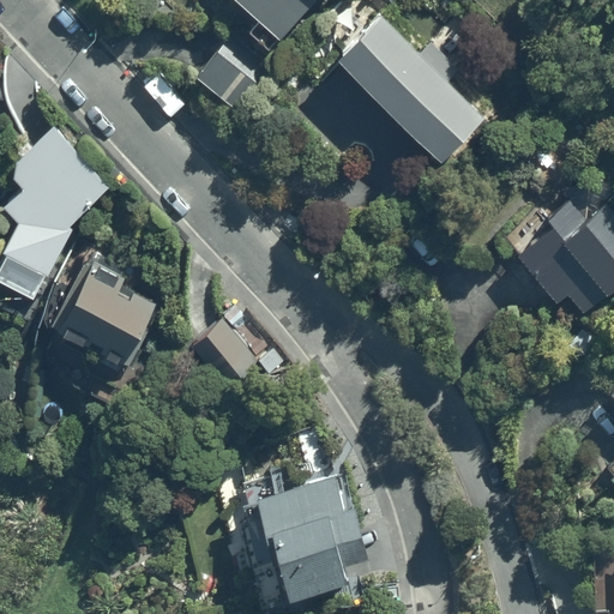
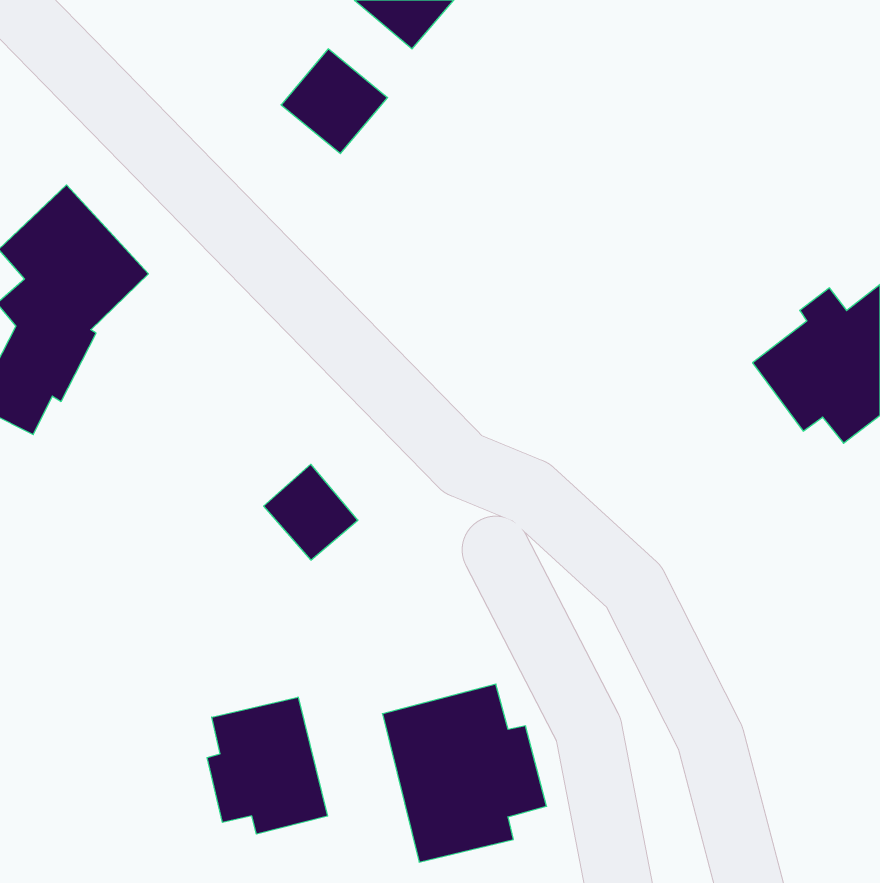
building: [341,17,493,164] -> none
building: [52,261,158,365] -> none
building: none -> [207,697,328,834]

